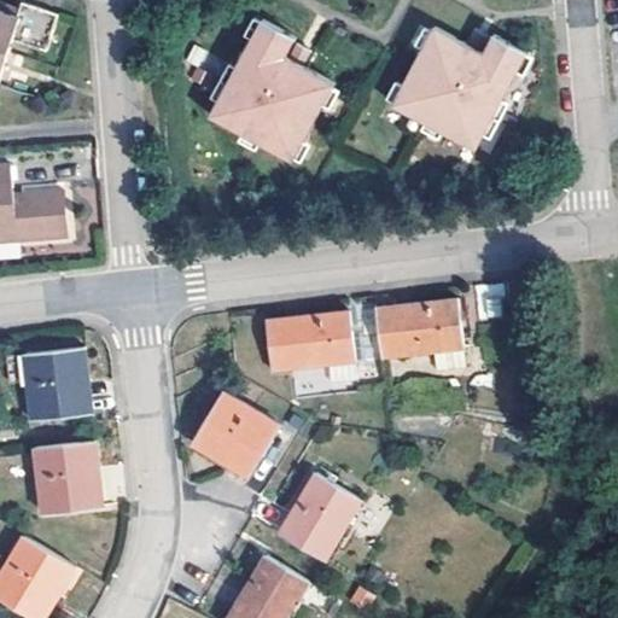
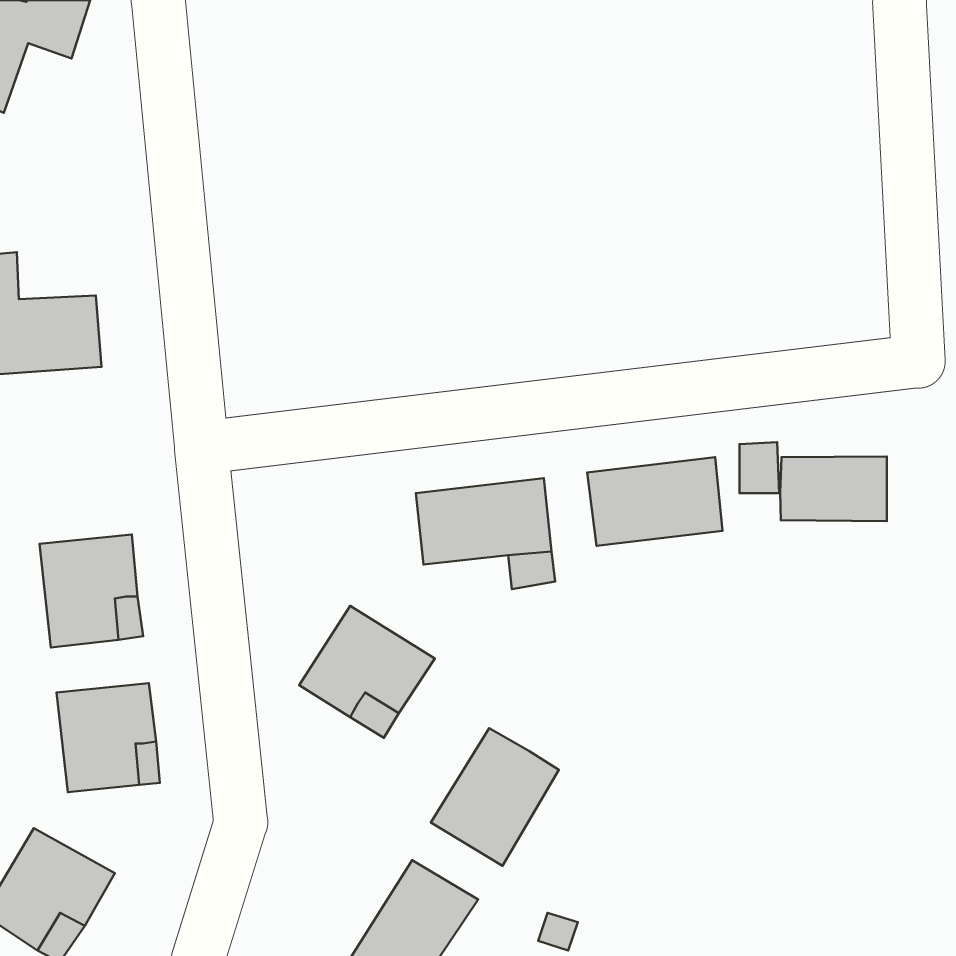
building: [206,23,331,164] -> none
building: [390,29,524,152] -> none
building: none -> [780,456,887,521]

